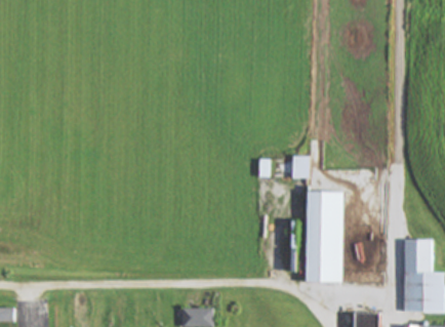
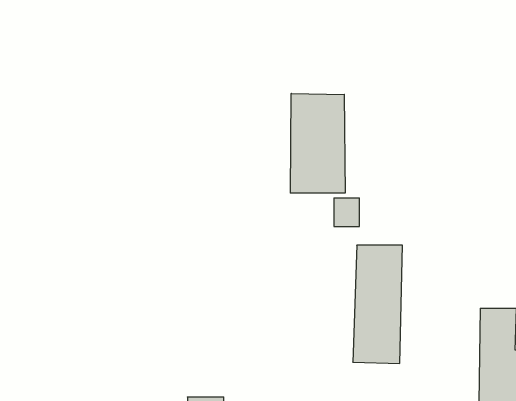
building: none -> [290,93,345,193]

